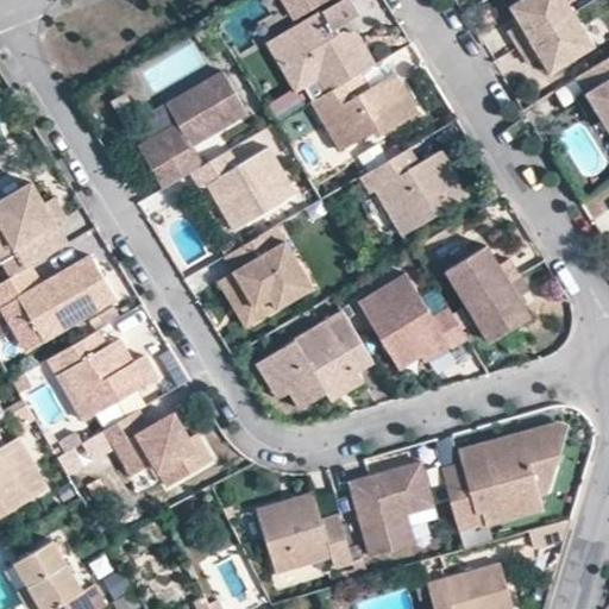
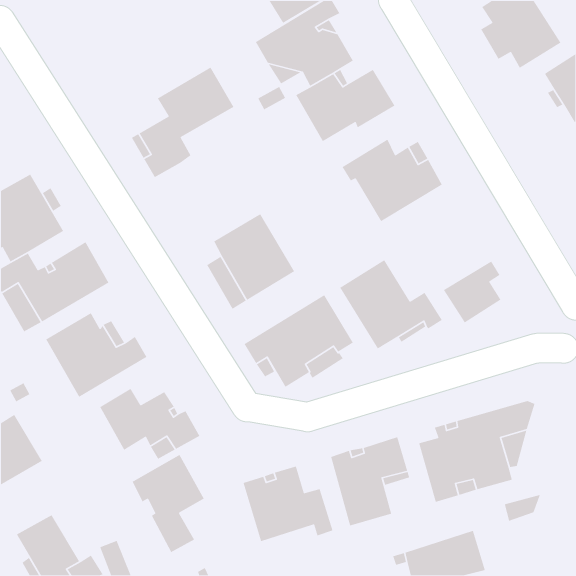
building: [190,147,296,230] -> none
building: [445,245,519,306] -> none
building: none -> [132,454,205,553]

